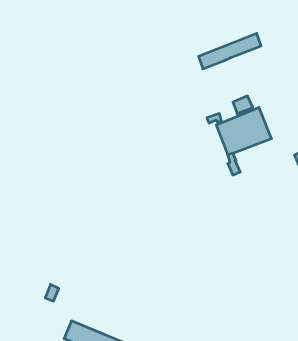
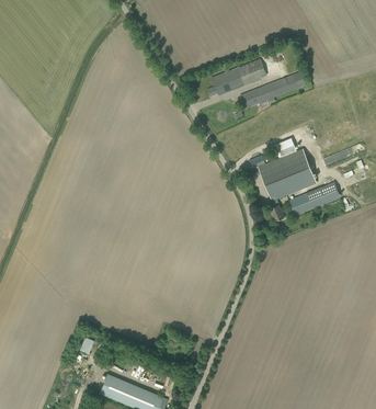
building: none -> [212,58,266,95]
building: none -> [288,182,340,216]

